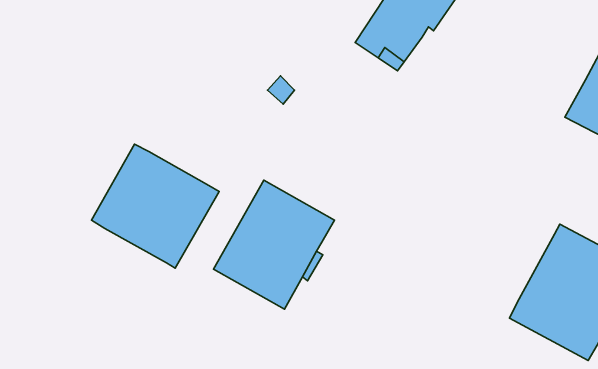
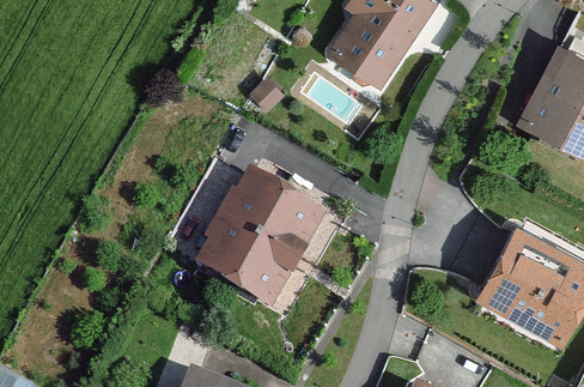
building: [91,144,219,268] -> none

